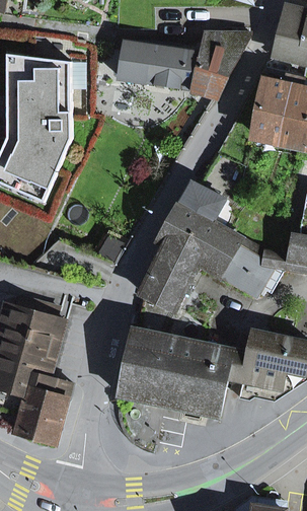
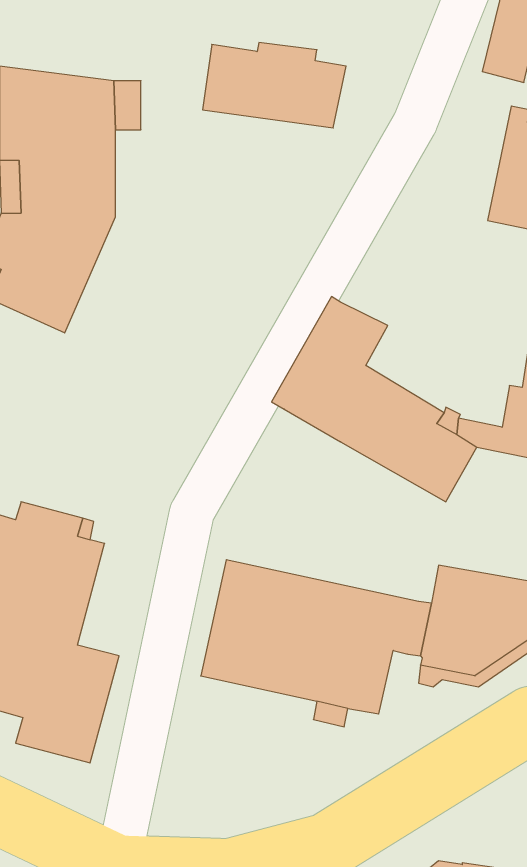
building: [191,32,250,99] -> none
building: [252,74,292,140] -> none
building: [141,245,197,308] -> none

